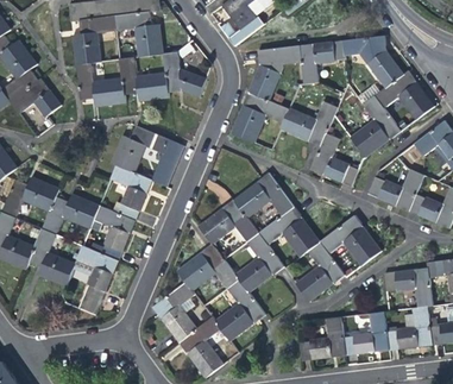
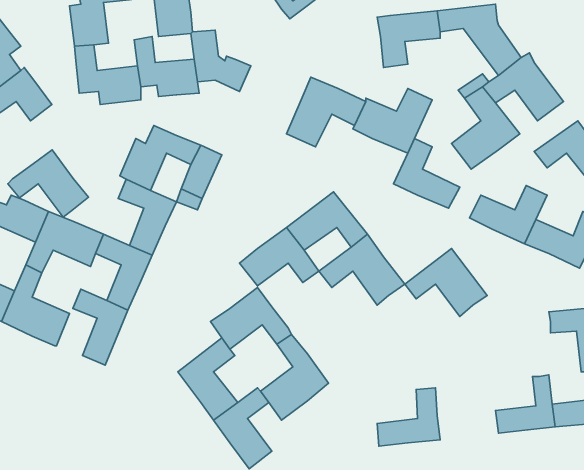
building: [250,44,301,96] -> none
building: none -> [8,150,88,217]
building: [233,231,283,291] -> none
building: [295,240,345,301] -> none
building: [385,267,429,308] -> none
building: [342,311,388,354] -> none

